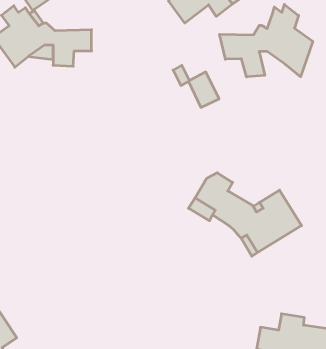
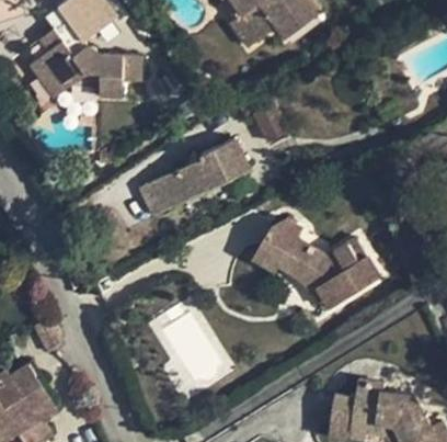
building: [220,4,313,77] -> none
building: none -> [138,139,249,217]

